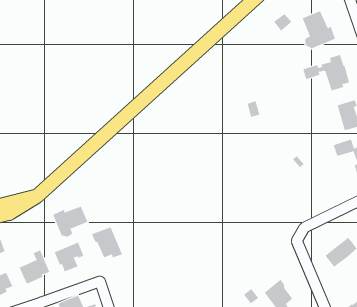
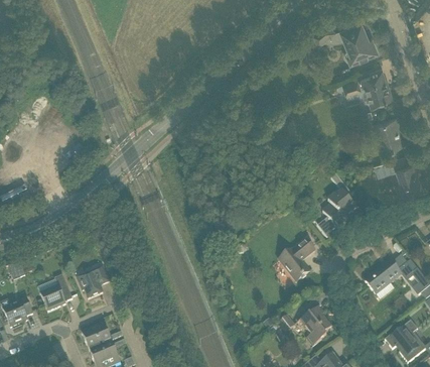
building: none -> [316,190,355,236]
building: [52,206,88,238] -> none
building: none -> [279,238,314,280]
building: [91,227,123,258] -> none

